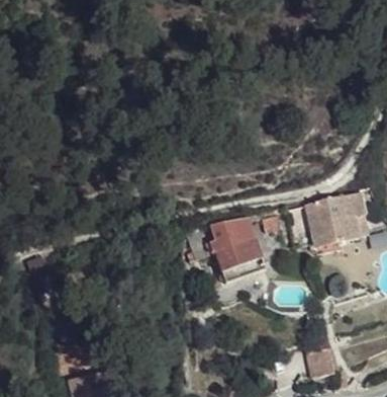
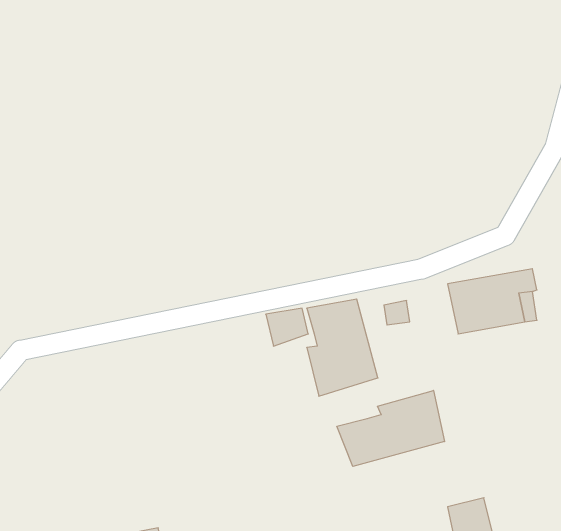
building: none -> [337,390,445,466]

